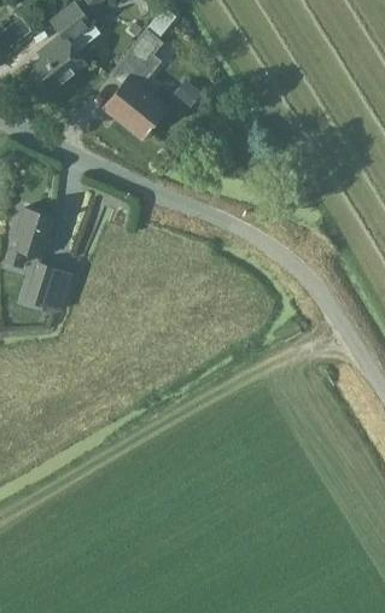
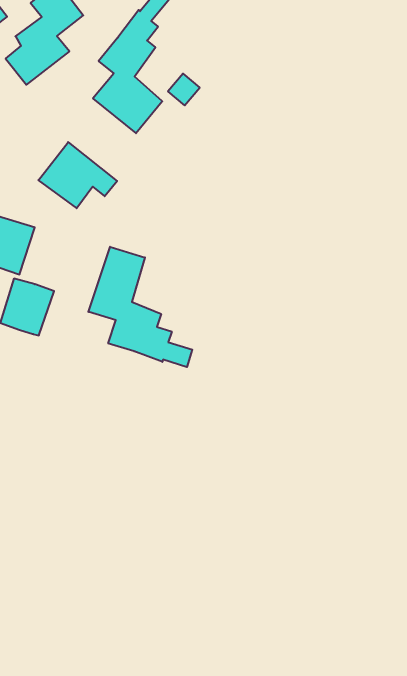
building: none -> [38,142,117,208]
building: none -> [88,247,192,367]

